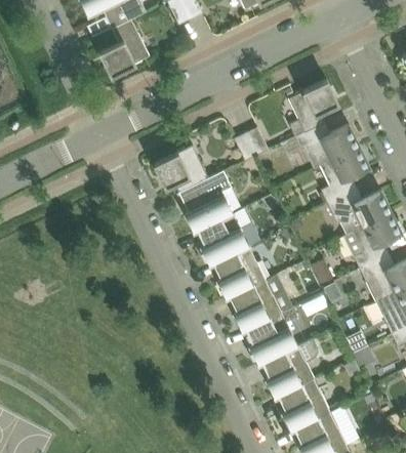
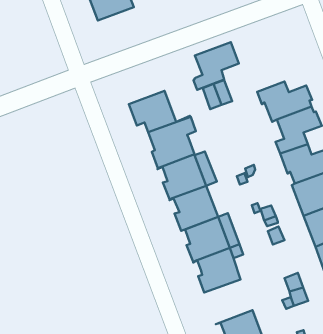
building: [289,81,338,137] -> [193,42,239,90]
building: [258,339,318,399] -> none

